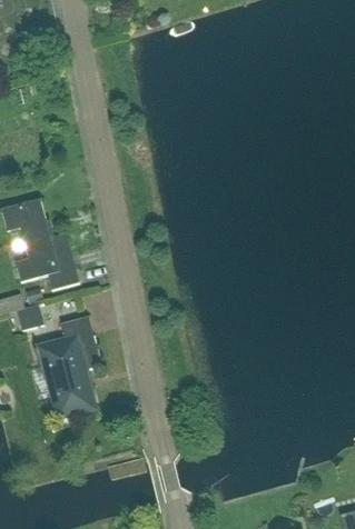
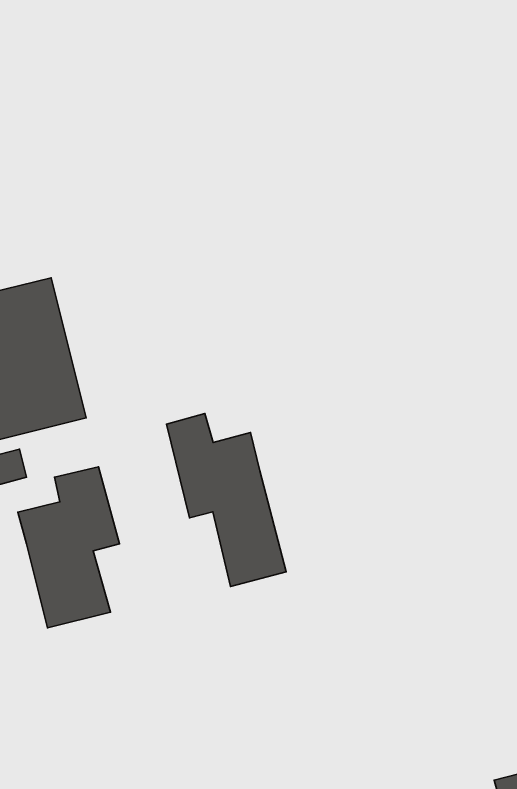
building: none -> [166,413,286,587]

